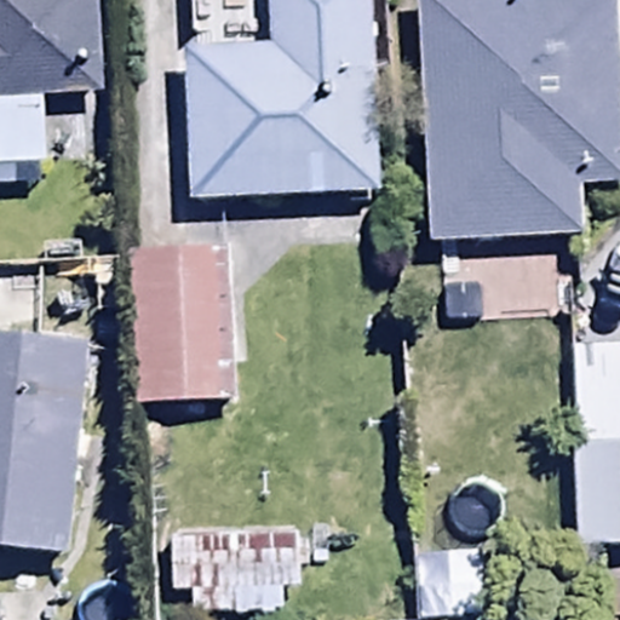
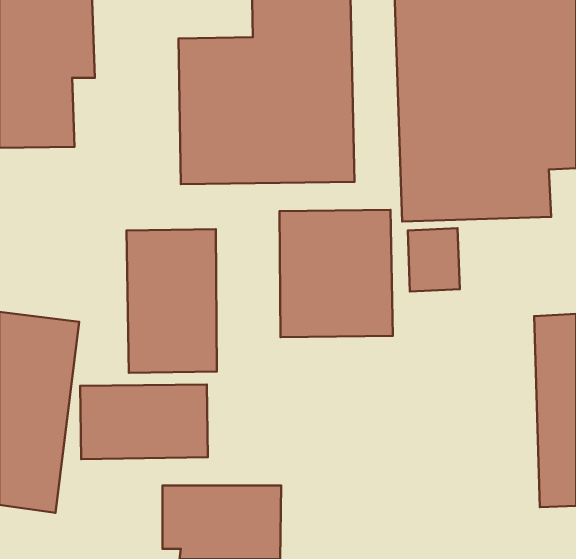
building: none -> [279,210,393,337]
building: none -> [80,384,208,459]

